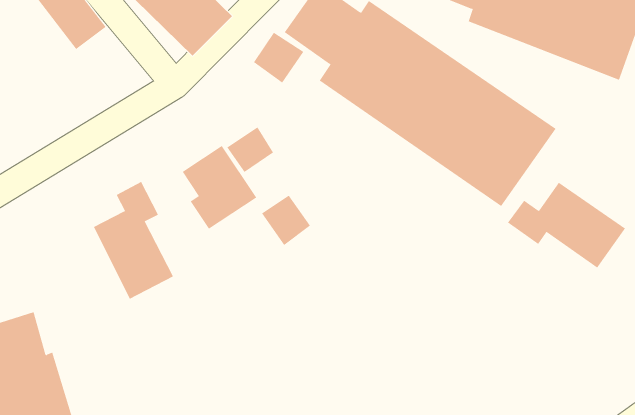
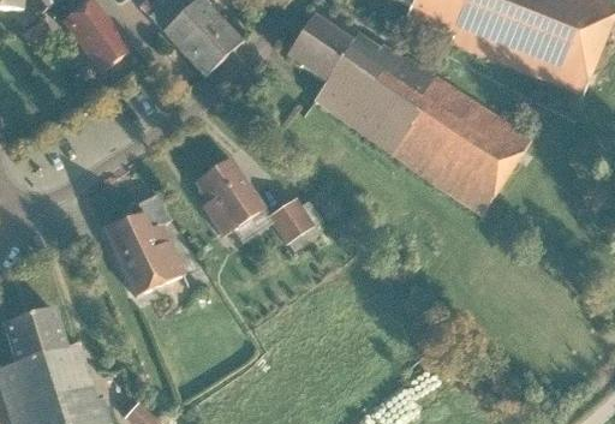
building: [253,32,304,84] -> none
building: [227,127,274,173] -> none
building: [507,182,626,268] -> none

